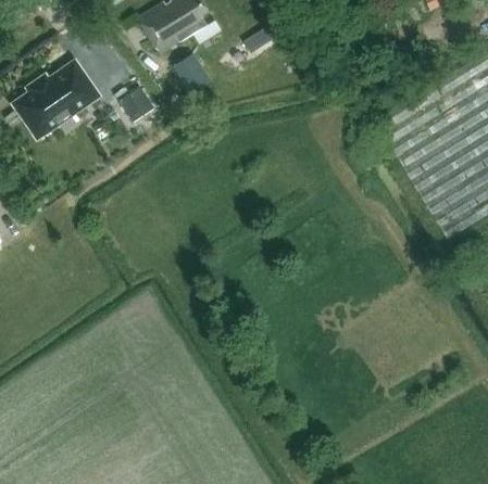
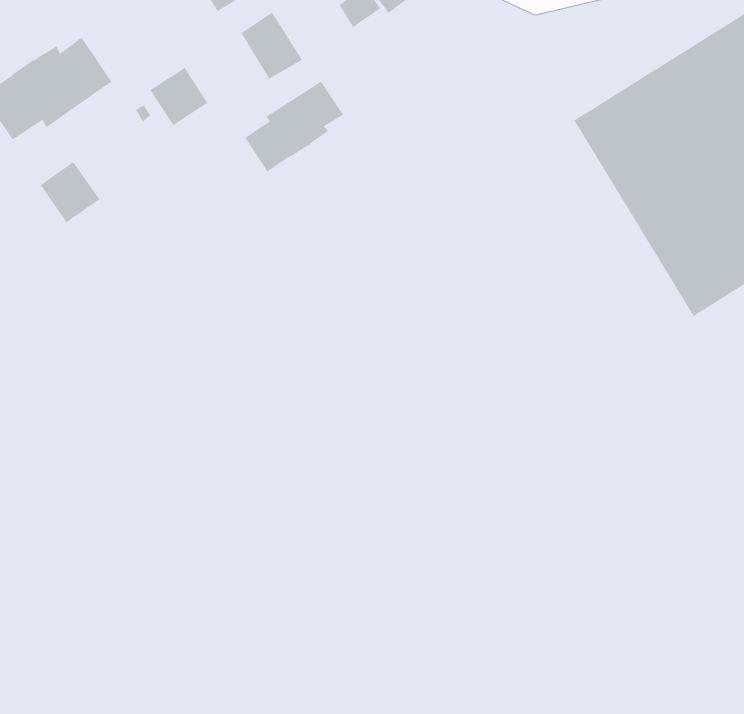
building: none -> [245,81,344,172]
building: none -> [40,161,100,223]

